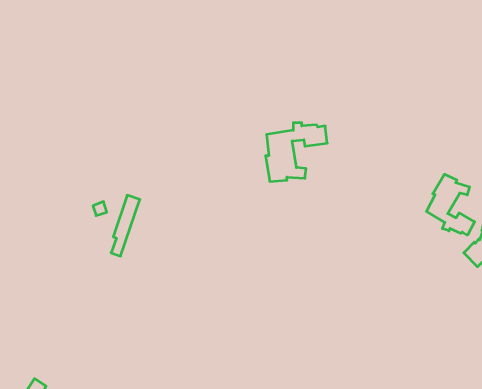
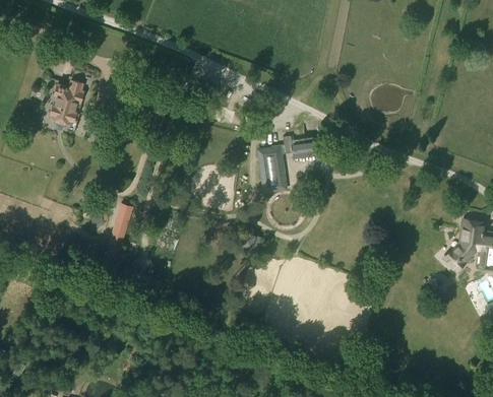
building: none -> [49,79,86,126]
building: [426,174,475,235] -> none

